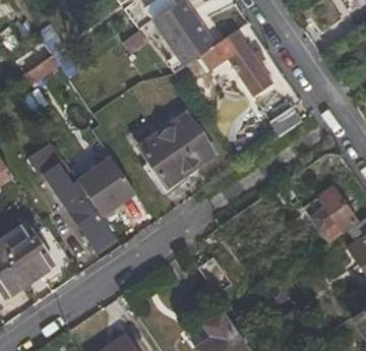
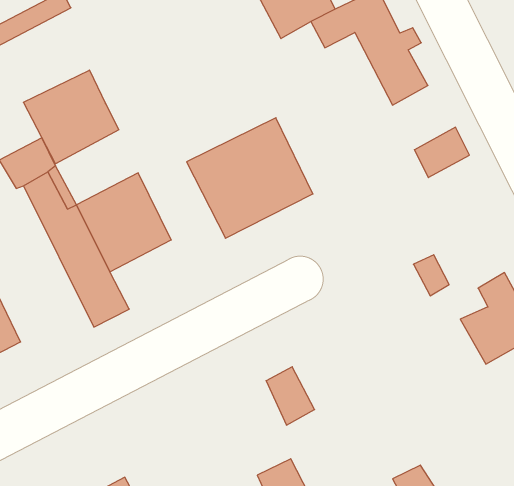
building: none -> [23,70,119,164]

